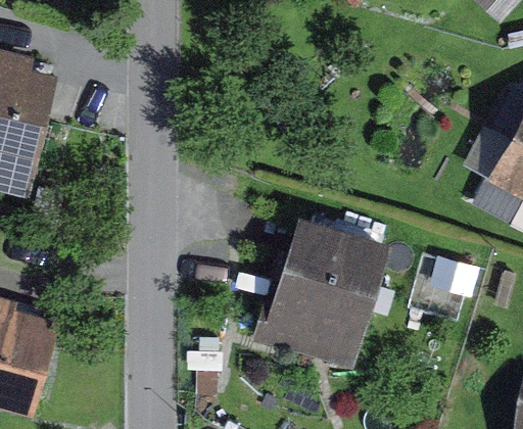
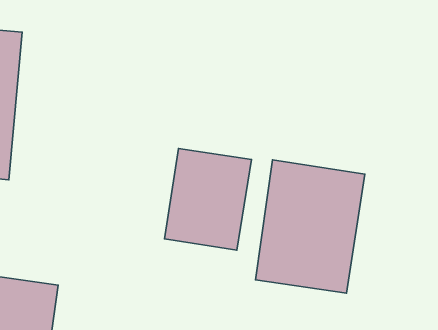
building: none -> [165,148,252,250]

